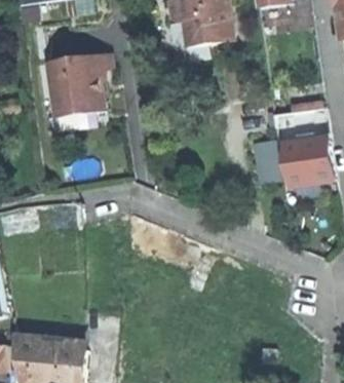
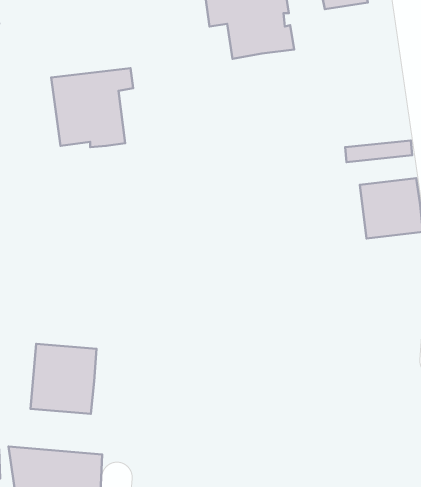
building: [252,140,278,182] -> none
building: none -> [31,344,96,414]

